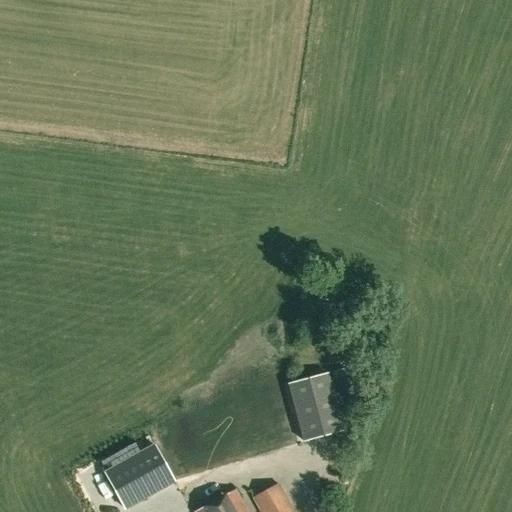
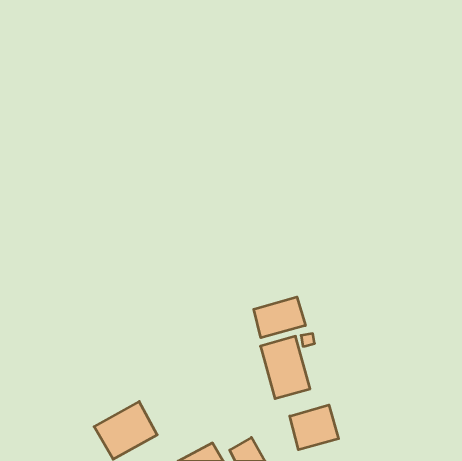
building: none -> [254,297,305,338]
building: none -> [290,405,339,450]

